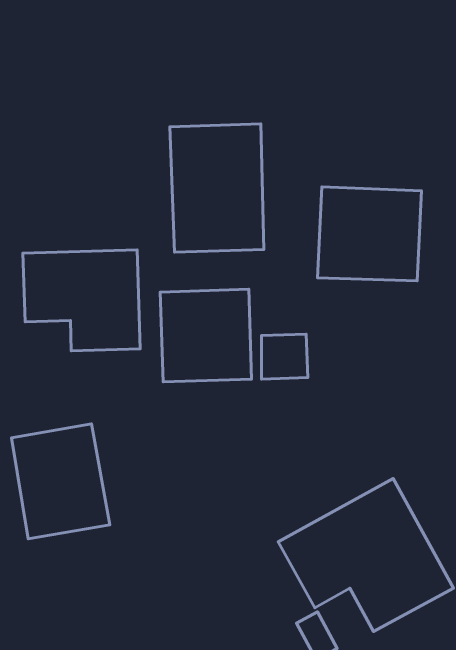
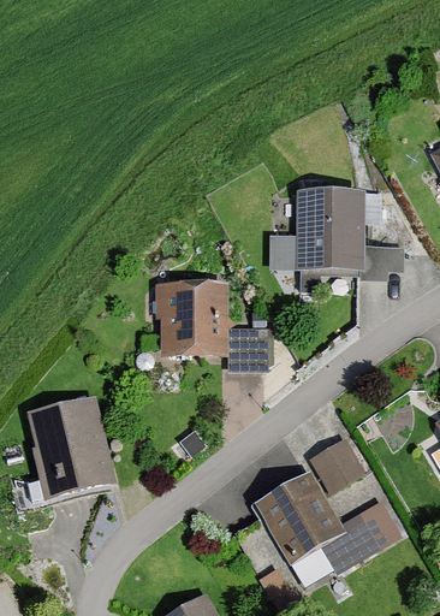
building: [170,124,264,252] -> none
building: [23,250,140,351] -> none

